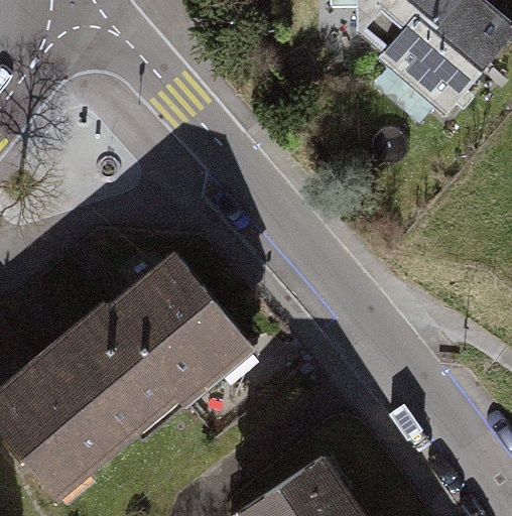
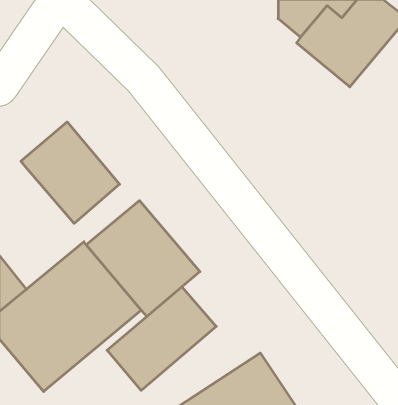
building: none -> [21,122,120,223]
building: none -> [107,287,216,390]

